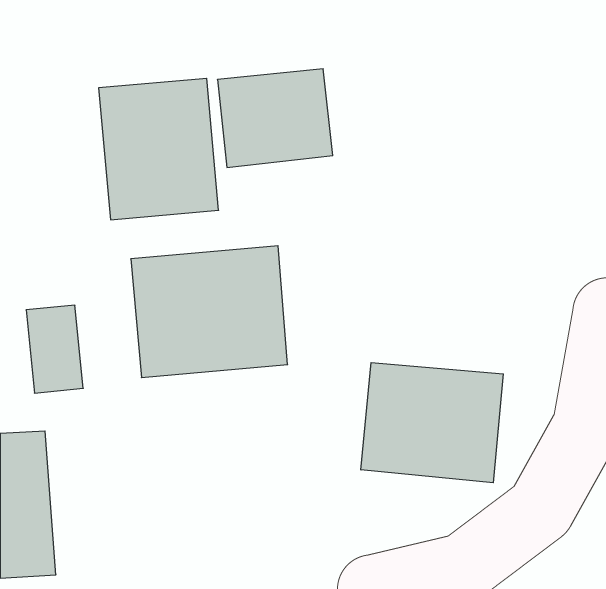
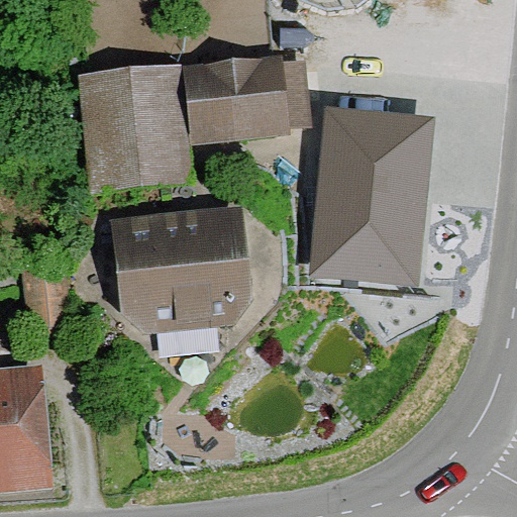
building: none -> [306,104,438,288]
building: [361,363,503,483] -> none

